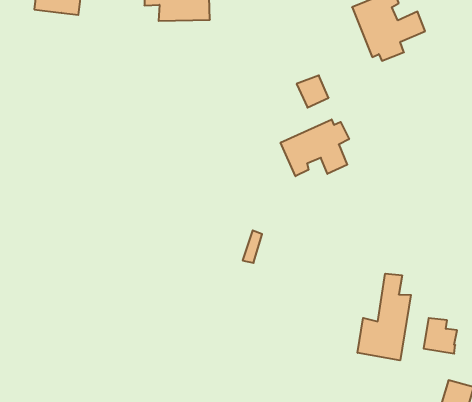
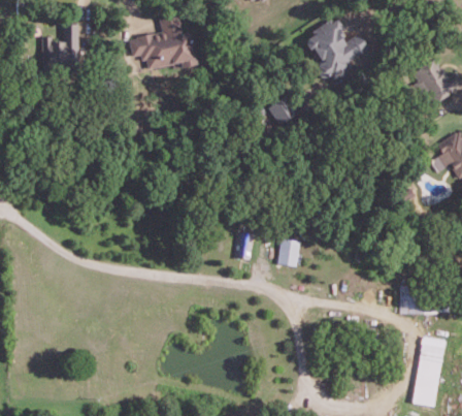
building: [281,119,349,176] -> none
building: none -> [277,238,299,265]
building: [358,274,411,360] -> none

